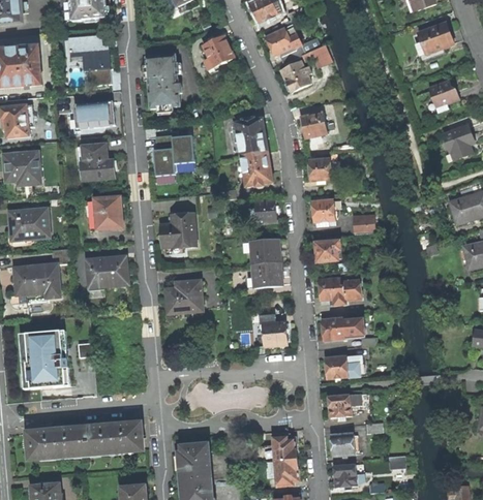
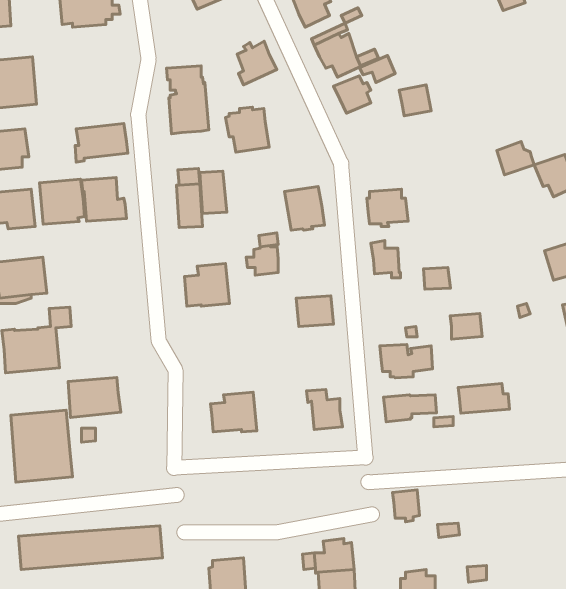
building: [417,23,452,54] -> none
building: [68,35,112,86] -> none
building: [428,81,458,107] -> [497,142,534,175]
building: [301,113,327,137] -> [399,85,431,116]
building: [233,119,268,155] -> [225,107,269,152]
building: [86,196,122,232] -> [39,179,84,224]
building: [250,199,276,223] -> [246,246,278,275]
building: [314,241,340,261] -> [450,313,482,339]
building: [87,256,129,288] -> [68,378,121,417]
building: [252,261,282,287] -> none
building: [165,280,203,312] -> [211,392,257,432]
building: [325,354,366,378] -> [458,384,510,413]
building: [331,433,358,456] -> none

